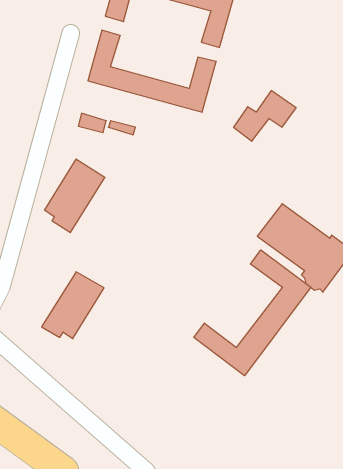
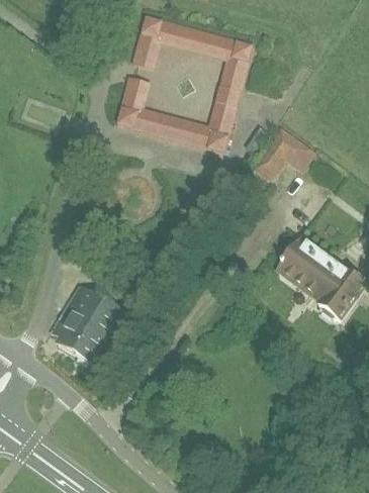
building: [45,159,105,233] -> [49,284,105,353]
building: [194,250,311,376] -> none

